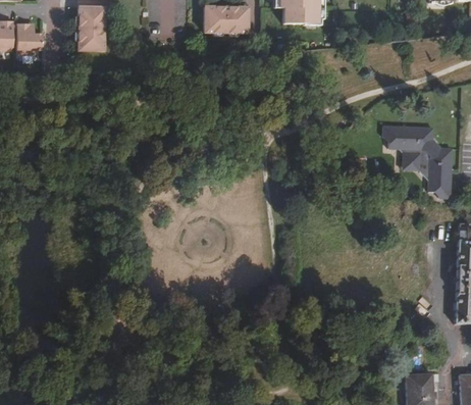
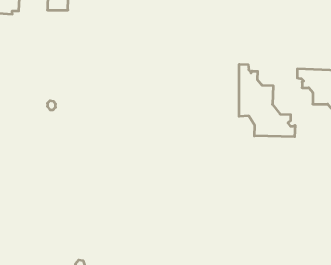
building: none -> [239,64,295,137]

